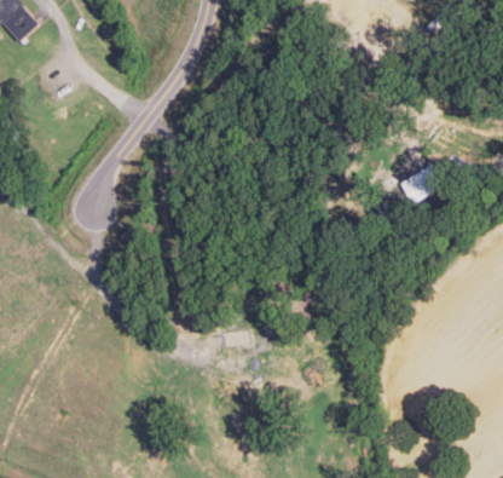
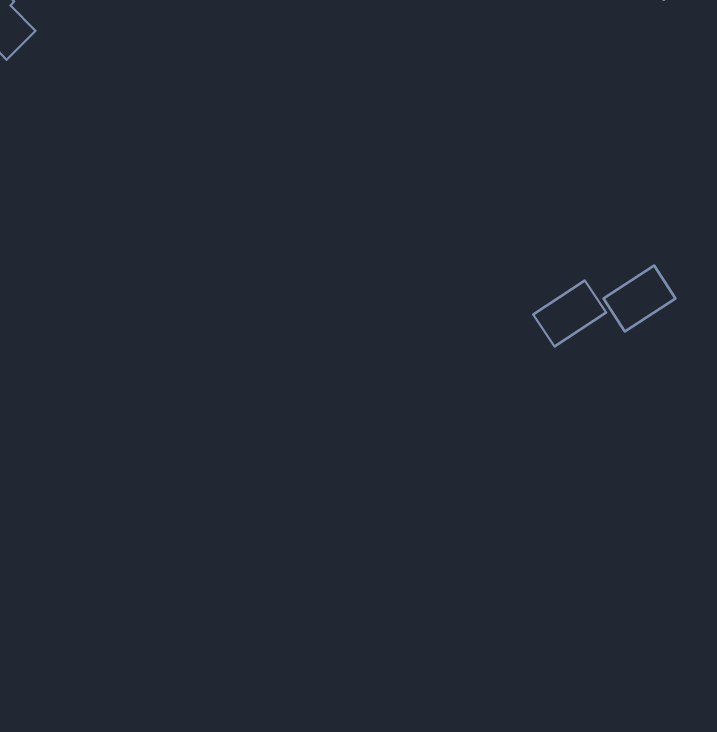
building: none -> [533,281,606,346]

